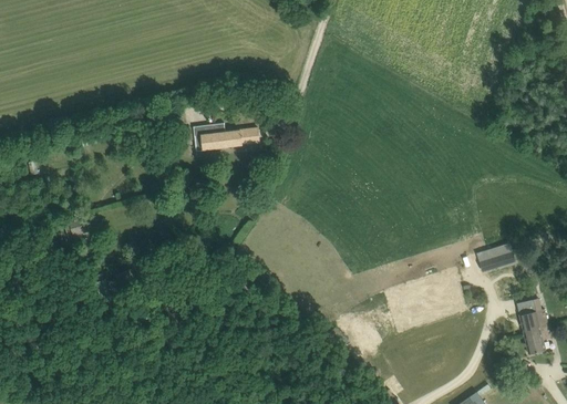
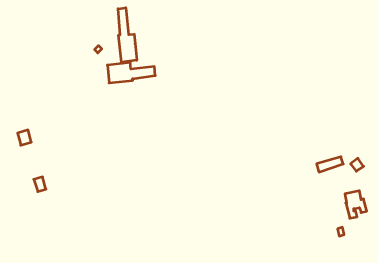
building: none -> [118,8,137,62]
building: [524,321,550,353] -> none

